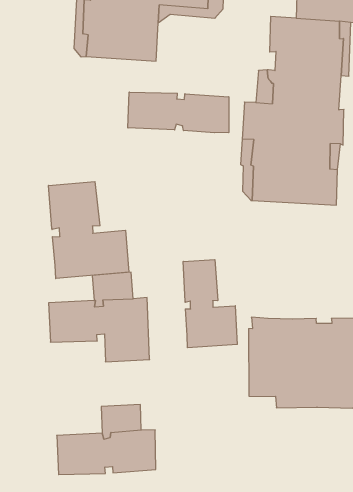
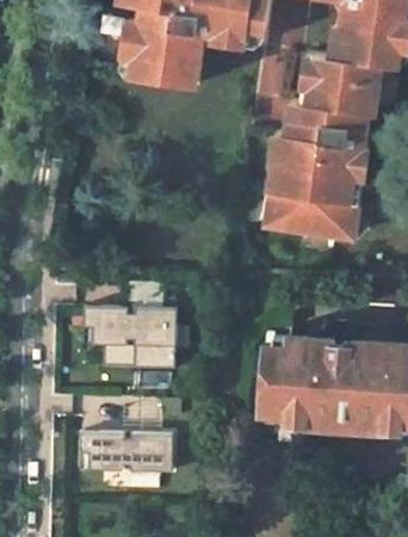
building: [128,92,229,133] -> none
building: [49,182,129,279] -> none
building: [183,260,237,348] -> none

